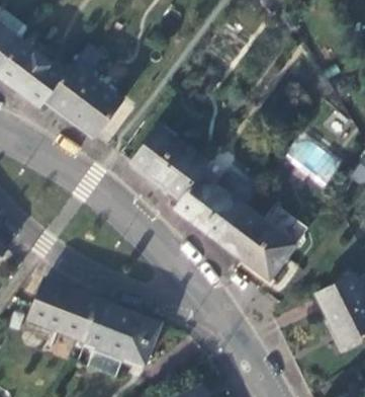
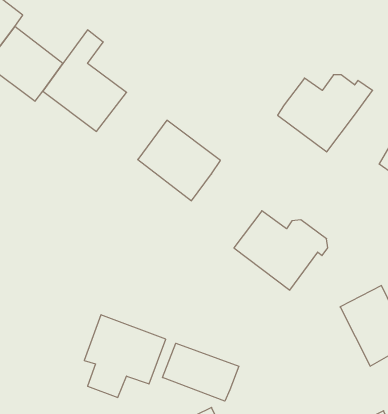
building: [175,172,261,242] -> [278,75,373,152]
building: [26,282,99,344] -> none
building: none -> [163,343,239,401]

